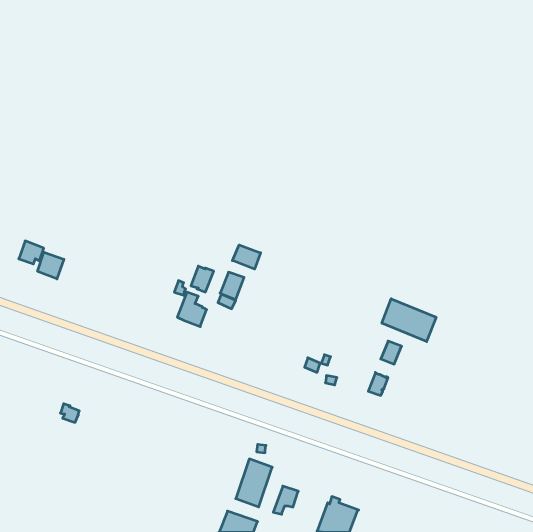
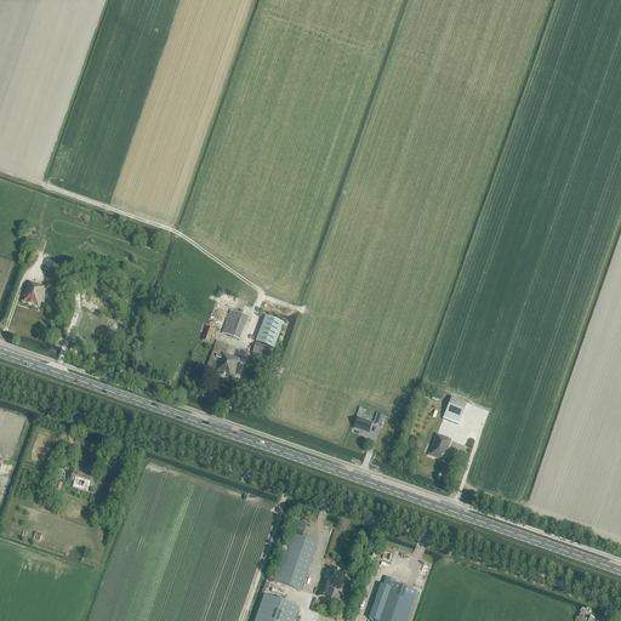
building: [232,245,261,269] -> none
building: [38,252,64,279] -> none
building: [382,299,436,342] -> none

